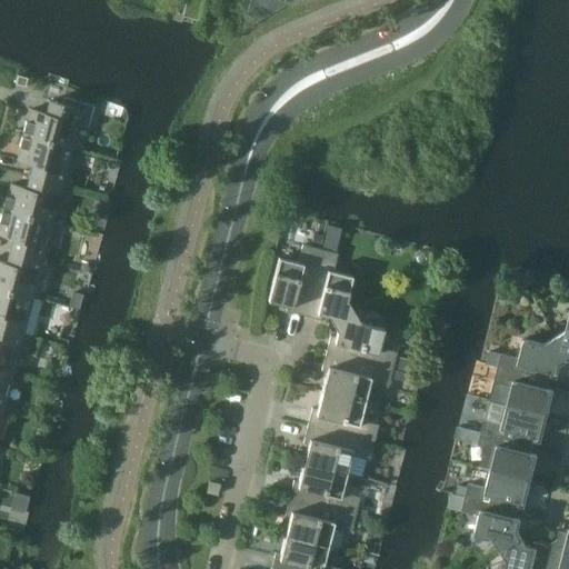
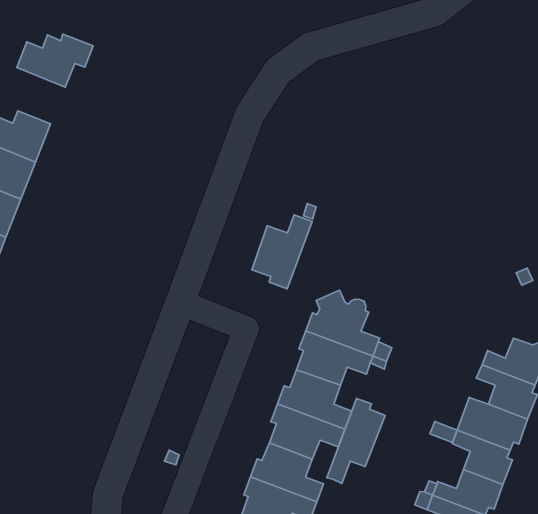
building: [19,136,73,186] -> none
building: [306,250,356,325] -> none
building: none -> [327,398,385,483]

